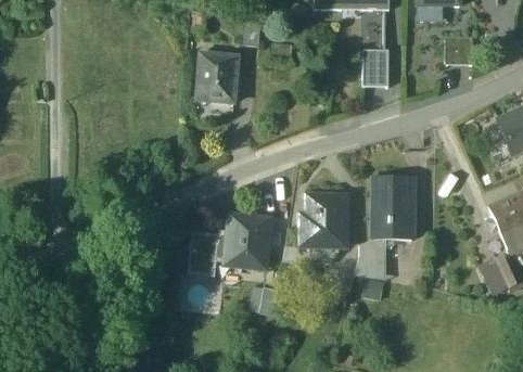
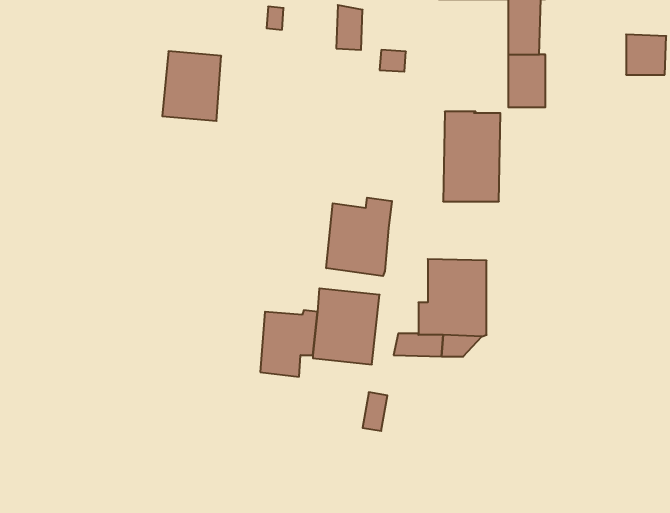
building: [195,54,237,103] -> [162,51,221,121]
building: none -> [326,198,392,276]
building: [372,176,412,239] -> [443,112,500,201]
building: [362,253,385,296] -> none

